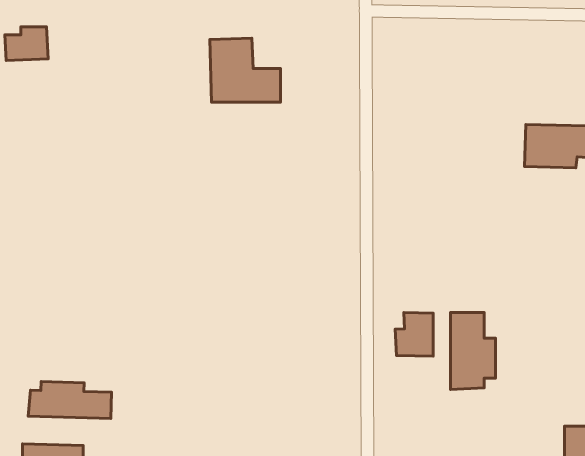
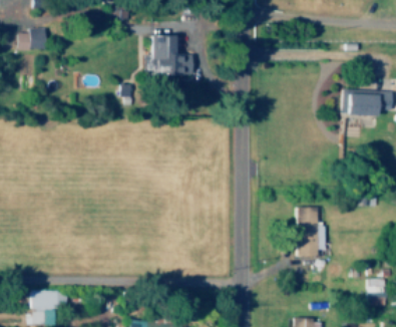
building: [395,312,433,356] -> none
building: [28,382,112,418] -> none

